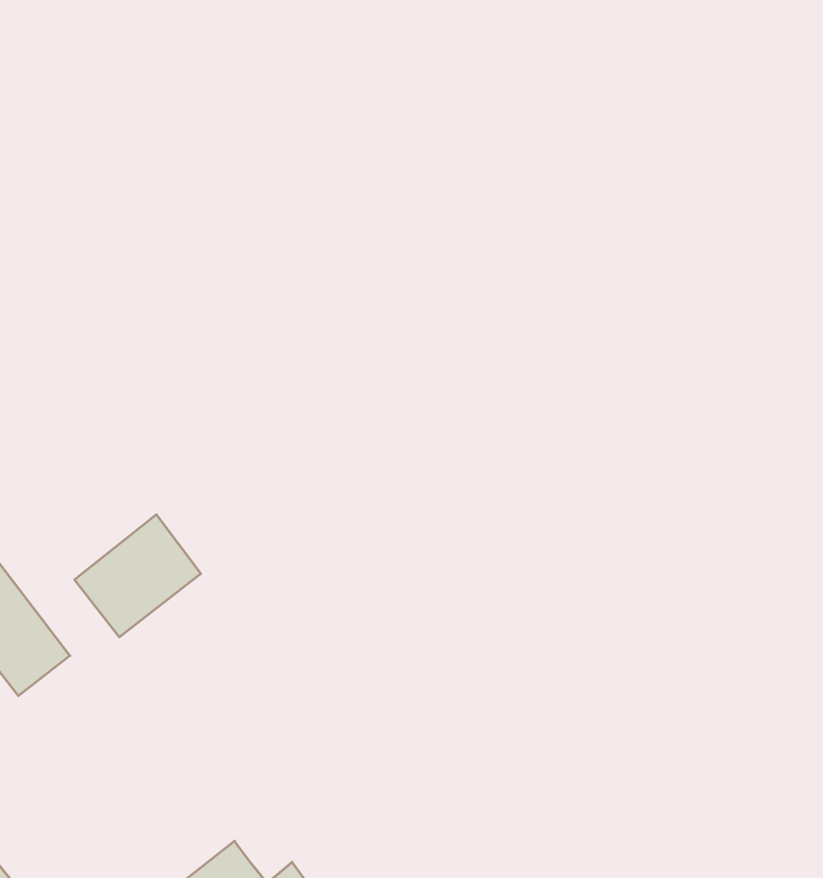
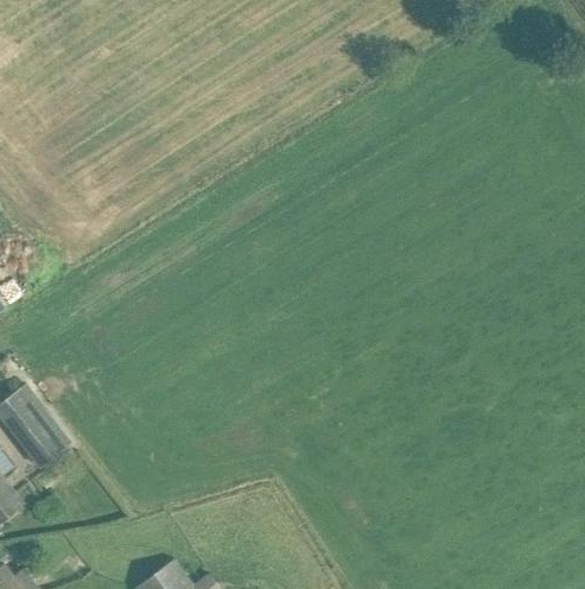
building: [75,515,201,637] -> none

